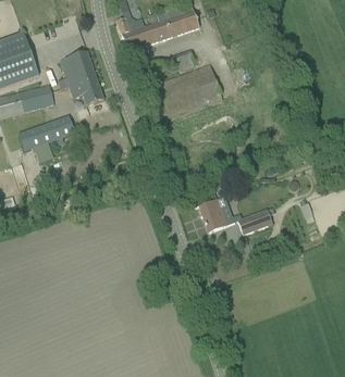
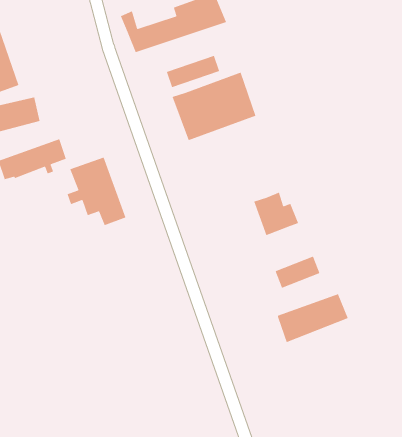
building: [57,50,103,104] -> [66,156,126,226]
building: [198,196,234,230] -> [253,192,299,236]
building: none -> [277,293,349,343]

